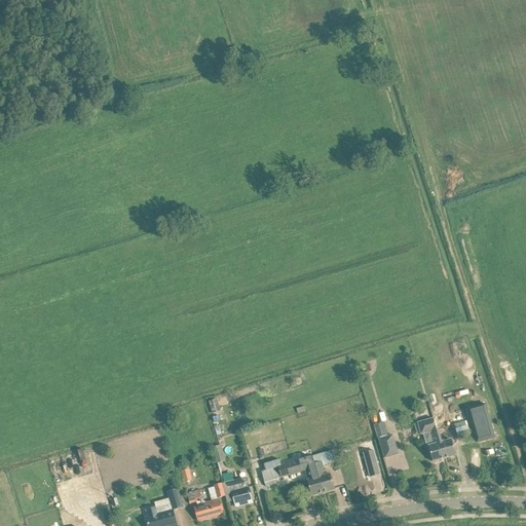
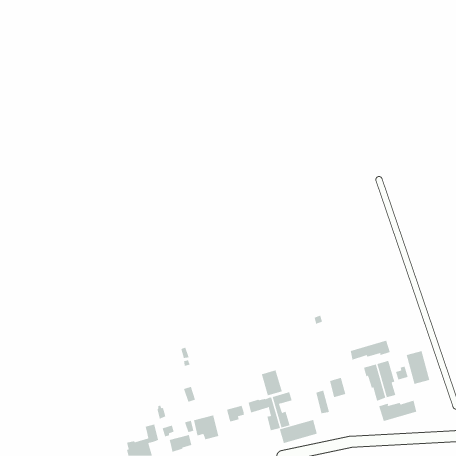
building: none -> [350,340,391,360]
building: none -> [261,370,282,396]
building: none -> [378,400,417,422]
building: none -> [279,419,318,444]

